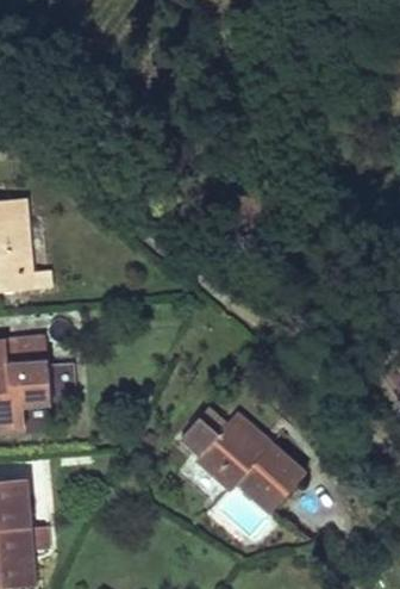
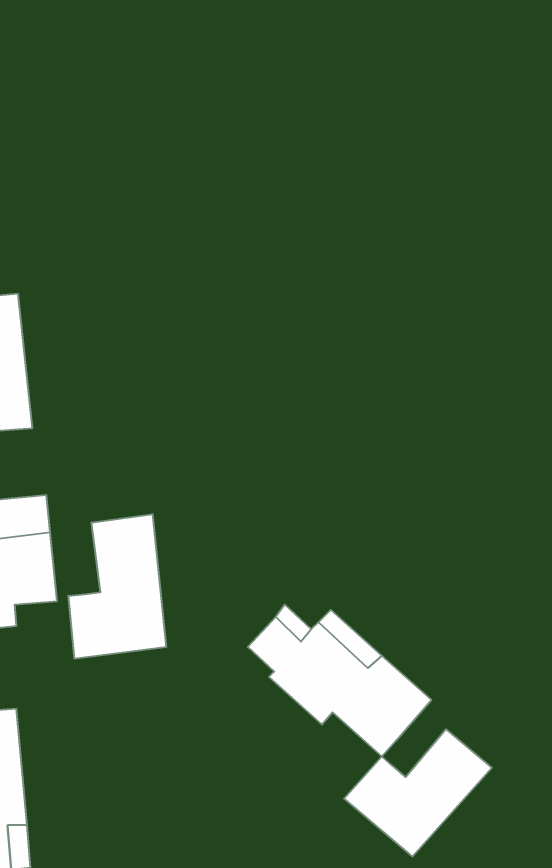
building: none -> [68,514,166,659]
building: none -> [344,729,492,857]

